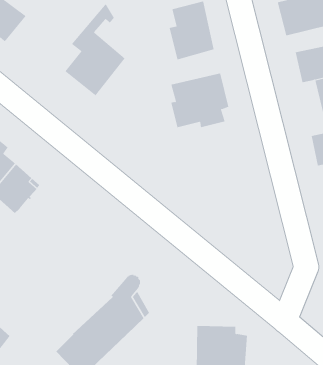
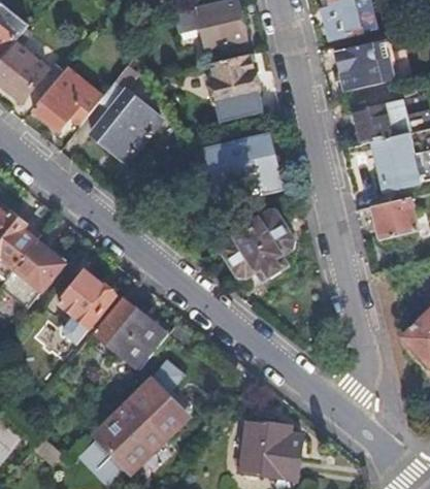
building: none -> [32,69,99,129]
building: none -> [220,209,293,281]
building: none -> [58,271,112,345]
building: none -> [91,297,166,368]

